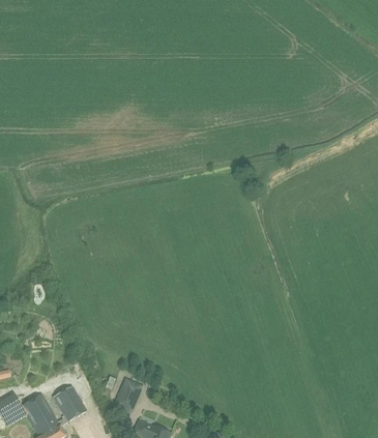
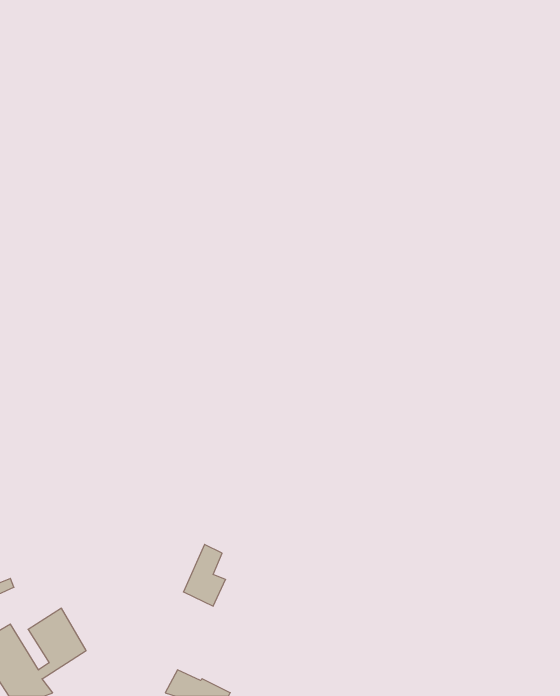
building: [114,378,139,414] -> [183,544,226,606]

